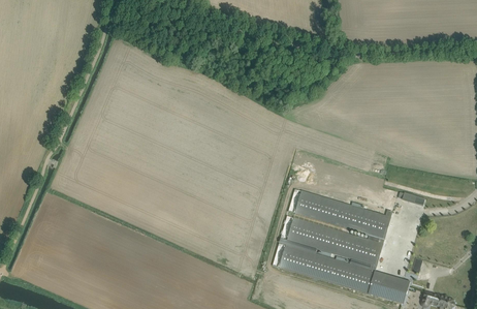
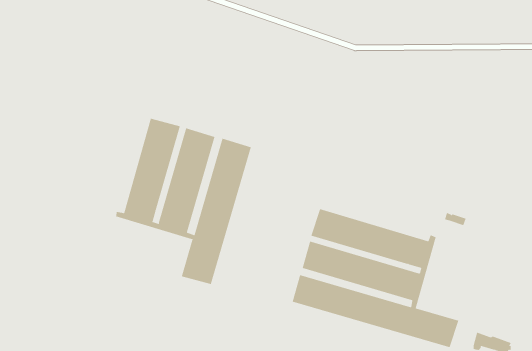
building: none -> [116,118,252,285]

